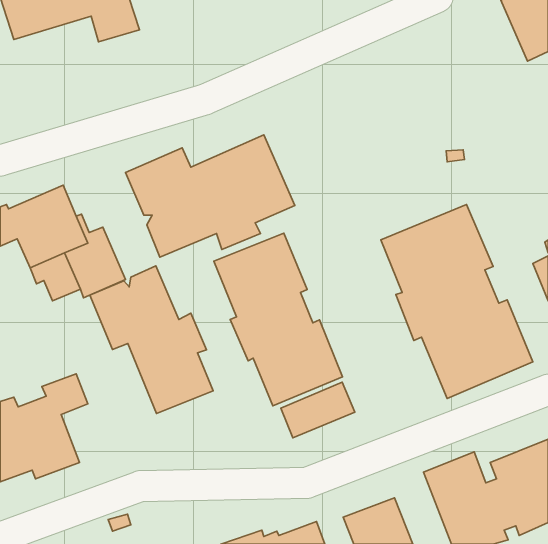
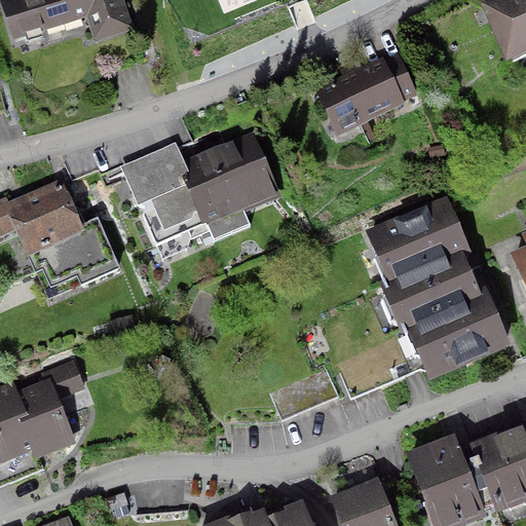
building: none -> [314,53,418,136]
building: [214,233,342,406] -> none
building: [90,266,213,414] -> none

